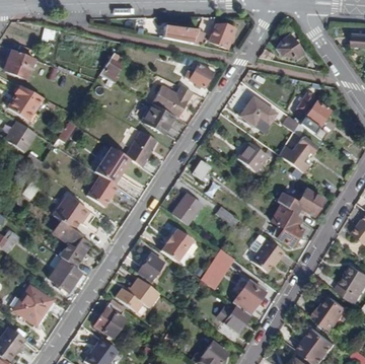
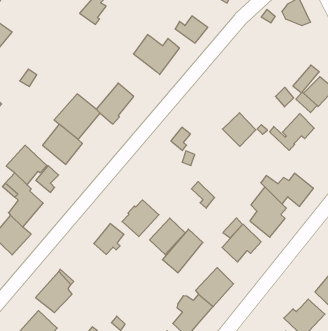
building: [238,97,275,133] -> none
building: [140,102,172,133] -> none
building: [170,193,201,225] -> [150,218,185,255]
building: [115,277,158,311] -> none

